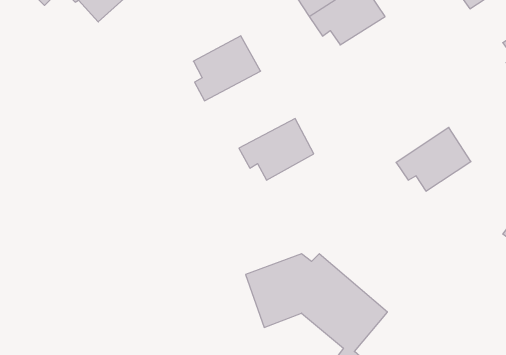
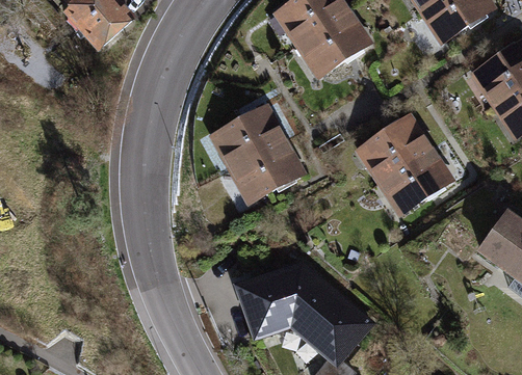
building: [193,36,261,101] -> [219,107,283,168]
building: none -> [365,117,428,182]

